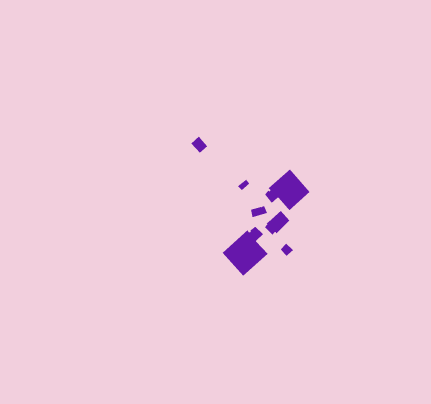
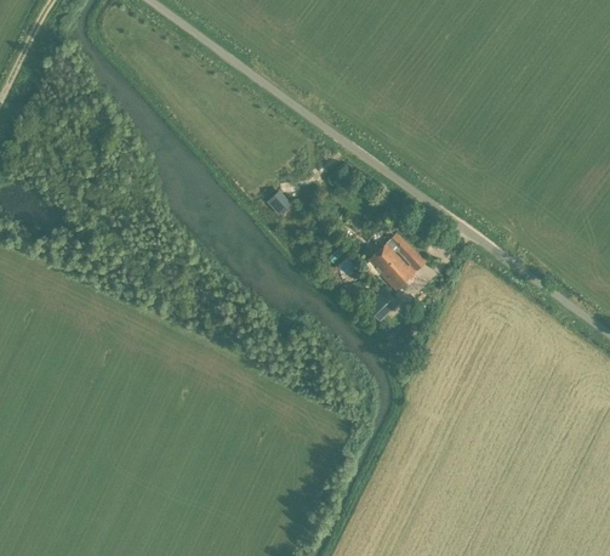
building: [222,226,269,276] -> none

